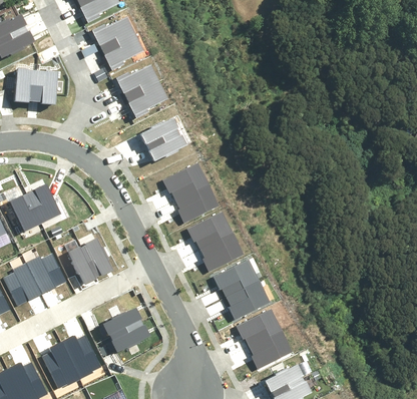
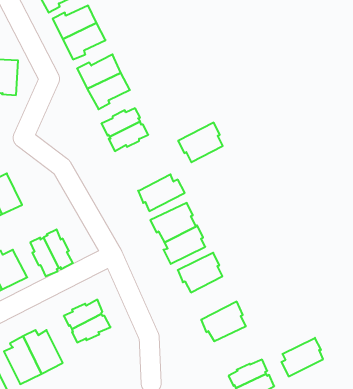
building: [163,159,207,198] -> [178,123,223,162]
building: [227,282,268,320] -> none
building: [250,331,291,369] -> [281,338,323,376]

